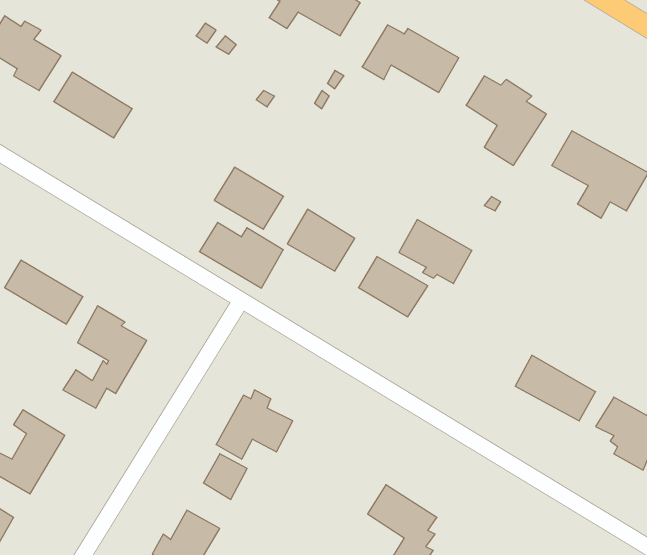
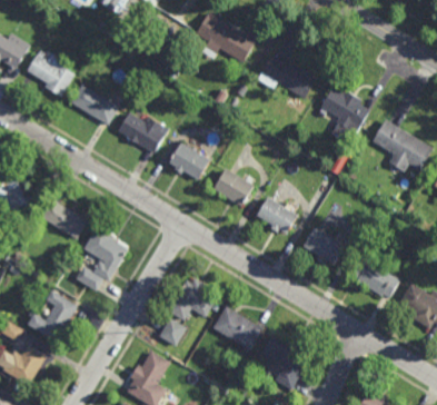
building: [399,220,472,284] -> [301,227,346,266]
building: [199,222,283,288] -> [117,112,168,152]
building: none -> [211,307,261,349]

